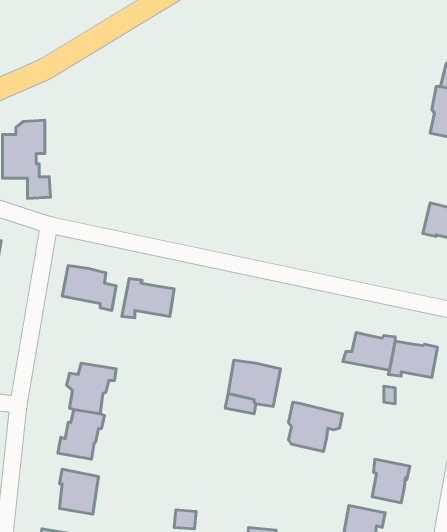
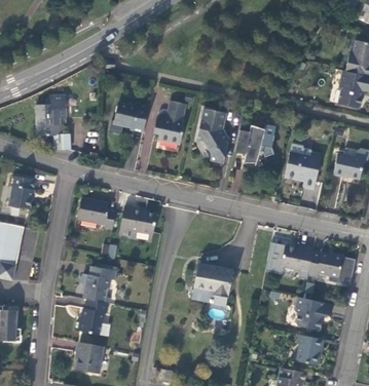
building: none -> [154,101,186,145]
building: none -> [114,103,149,132]
building: none -> [196,108,229,163]
building: none -> [234,125,274,163]
building: none -> [285,152,322,189]
building: [289,402,342,452] -> [295,296,333,331]

